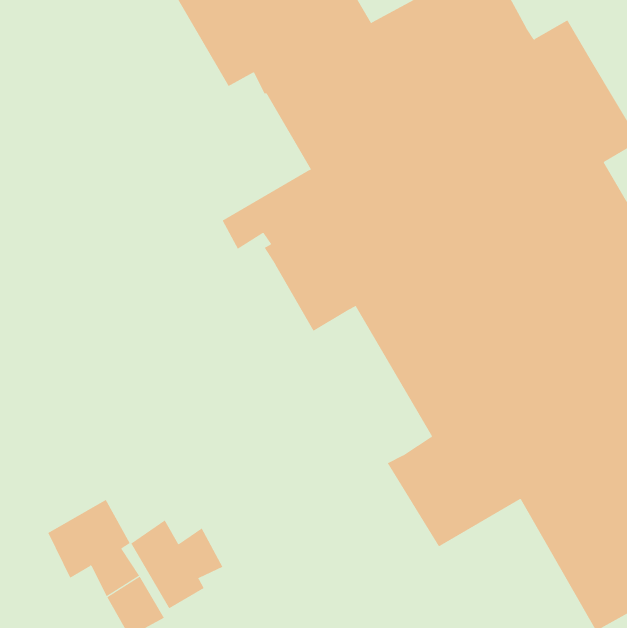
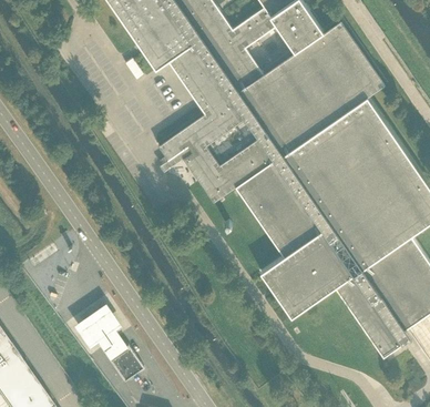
building: [131,519,223,609] -> none

